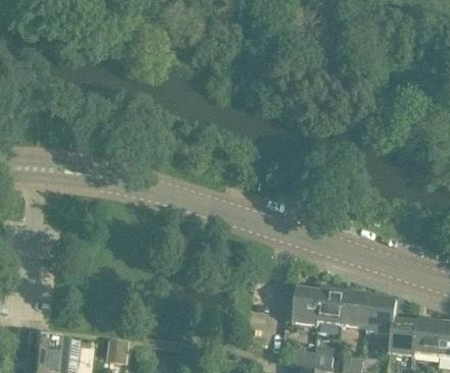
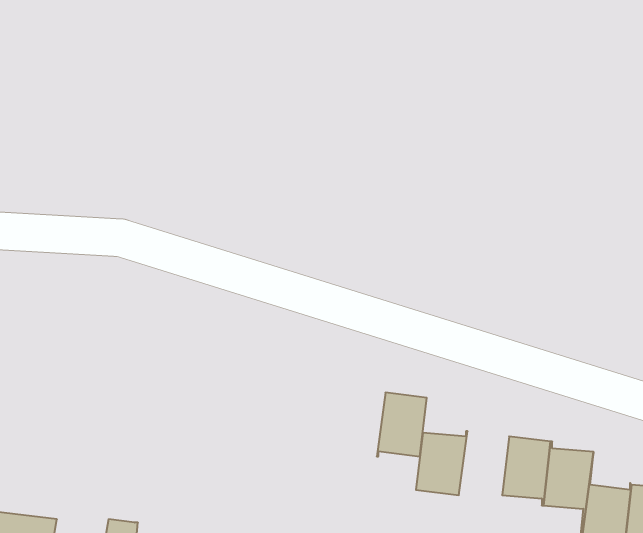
building: [316,286,346,324] -> [377,393,427,456]

